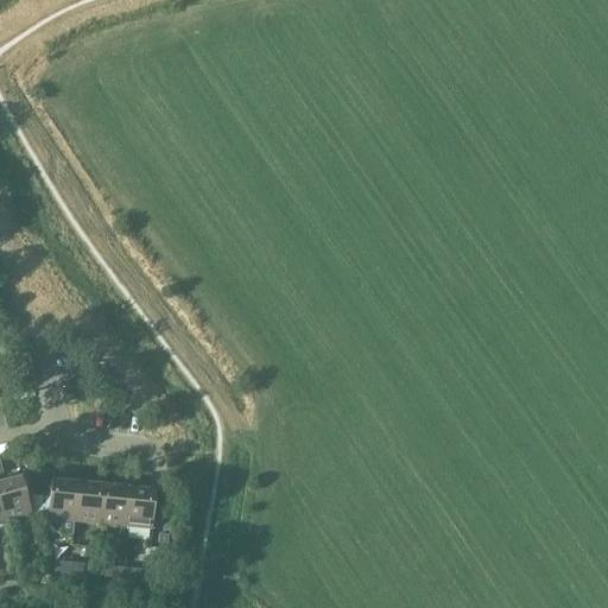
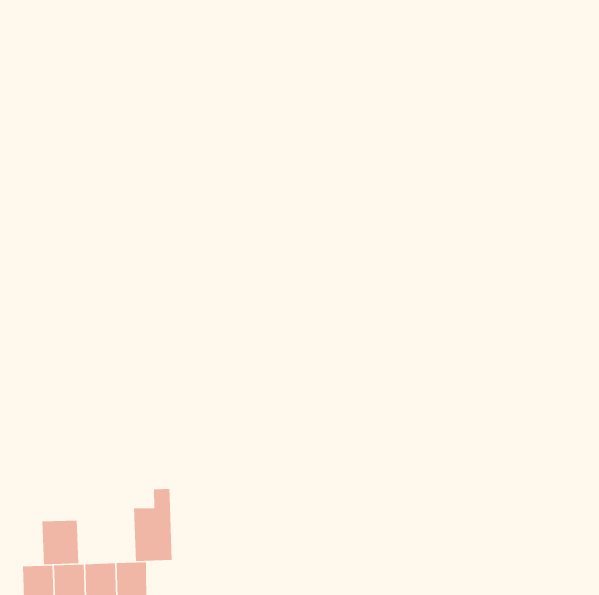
building: none -> [133,488,173,562]
building: none -> [42,520,79,565]

